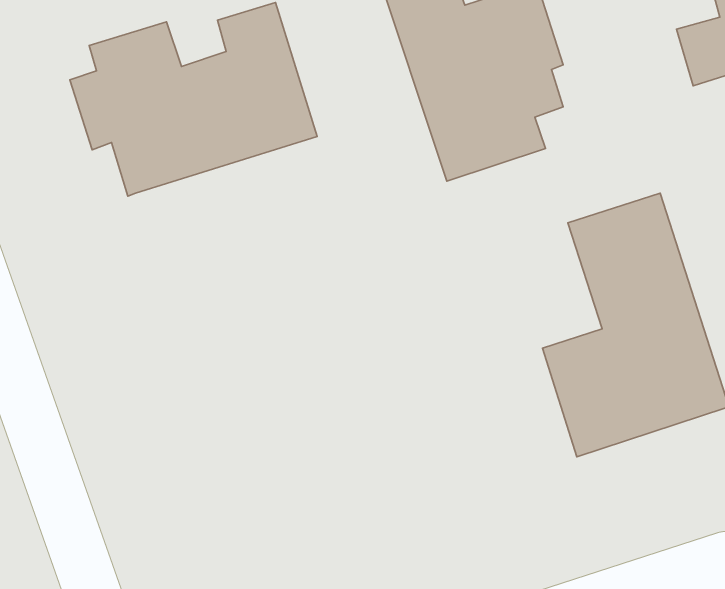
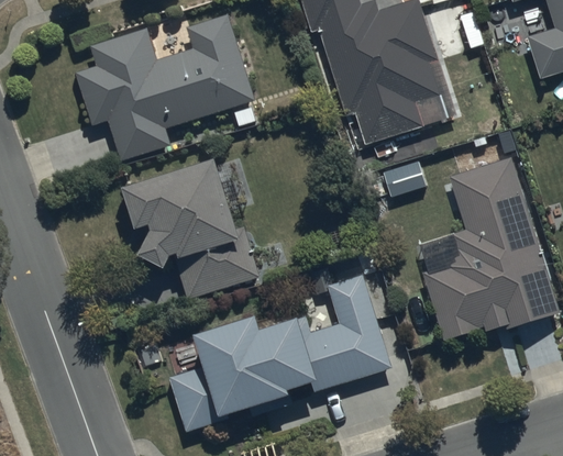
building: none -> [122,157,256,296]
building: none -> [172,273,394,431]

